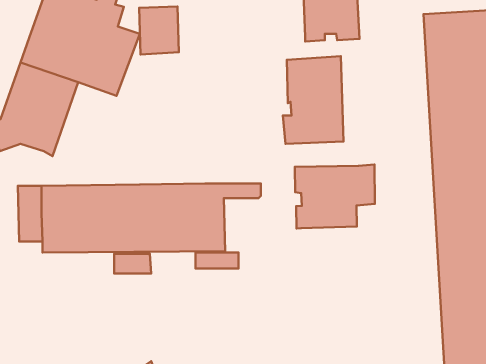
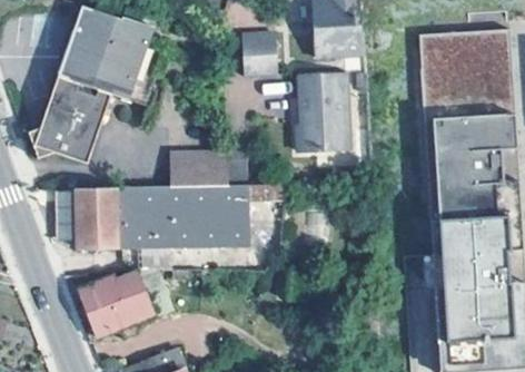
building: [139,6,179,55] -> [240,33,276,77]
building: none -> [166,151,226,187]
building: [295,165,375,229] -> none
building: none -> [79,272,152,336]

